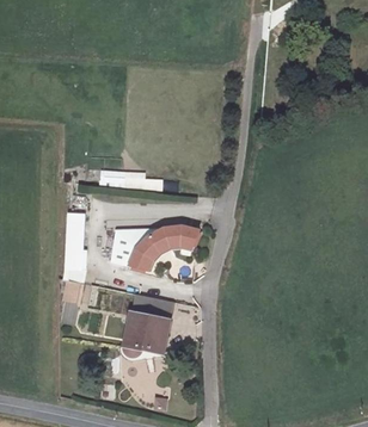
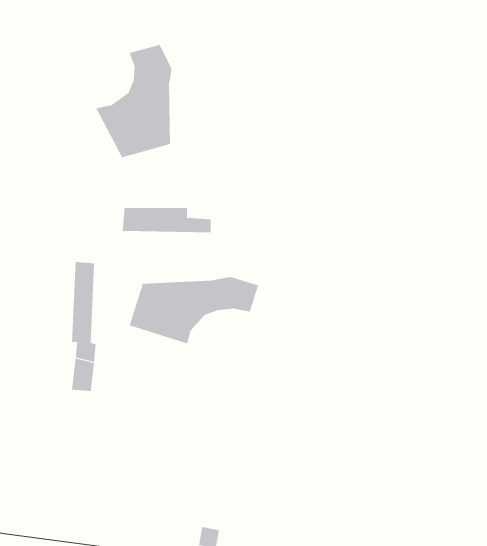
building: none -> [96,44,172,158]
building: [127,296,173,358] -> none

